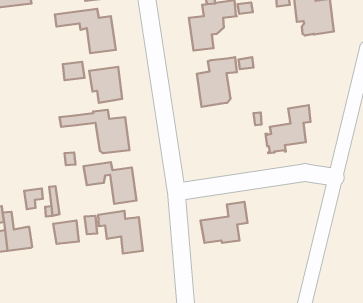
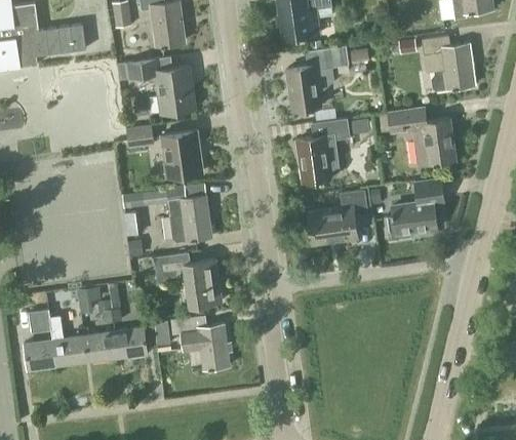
building: none -> [378,108,454,166]
building: [200,202,248,243] -> [307,190,367,242]
building: none -> [85,332,118,362]

